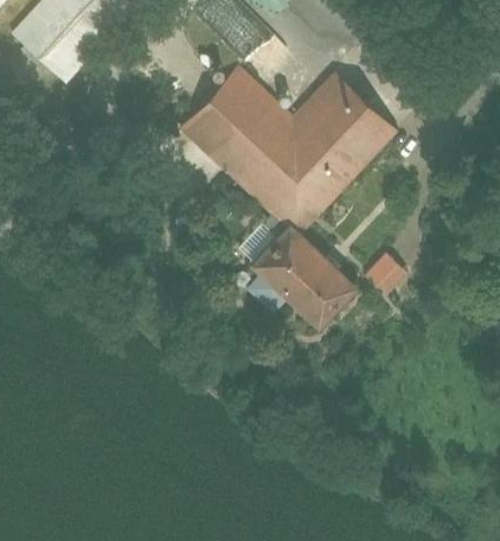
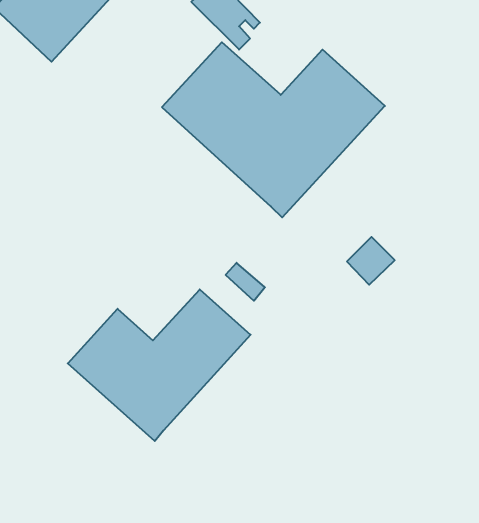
building: [250,222,353,324] -> none
building: none -> [68,289,251,441]

